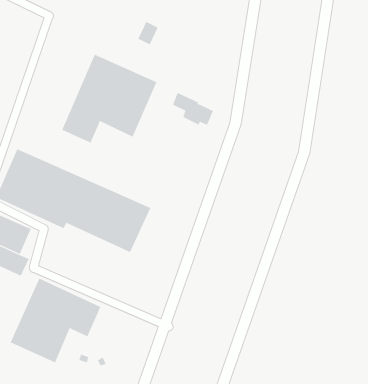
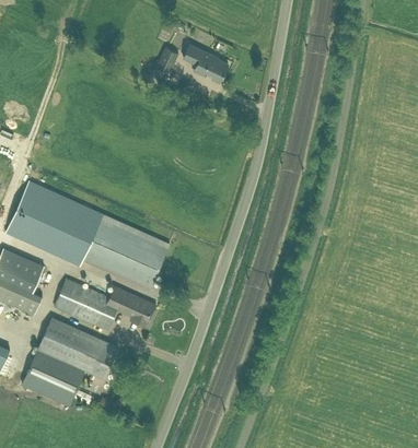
building: [61,54,157,144] -> none
building: [172,92,214,126] -> [183,45,227,80]
building: none -> [54,279,155,330]

